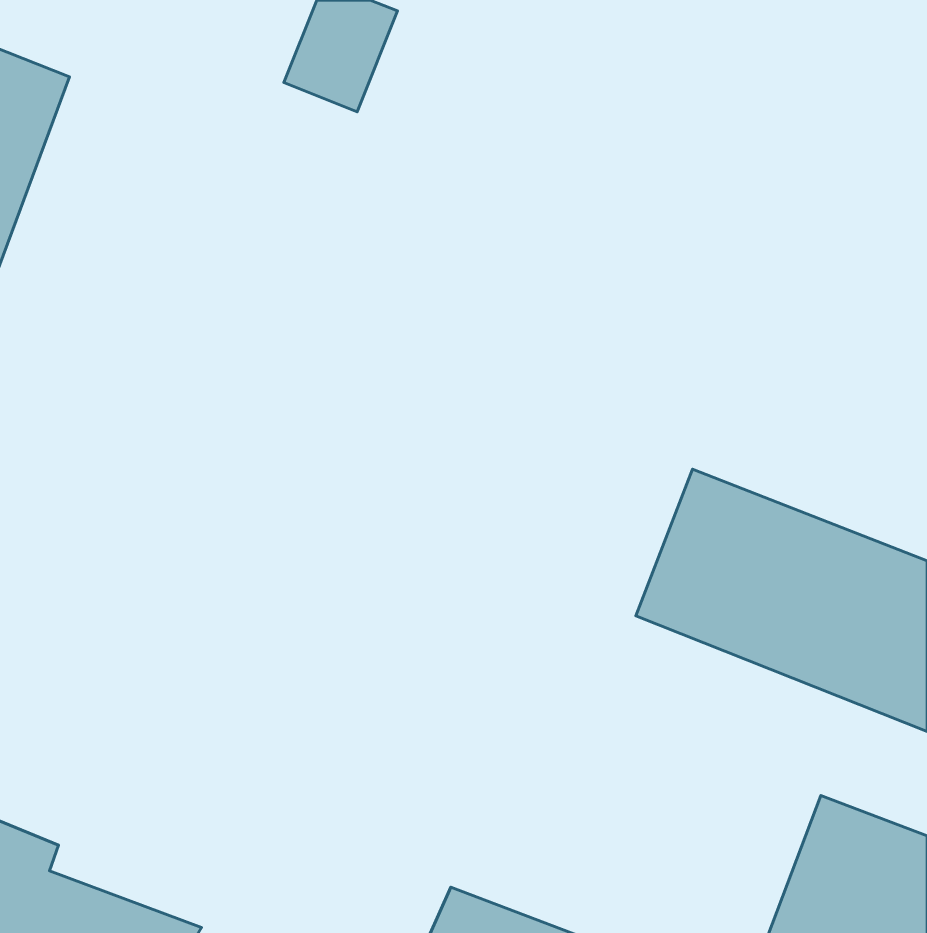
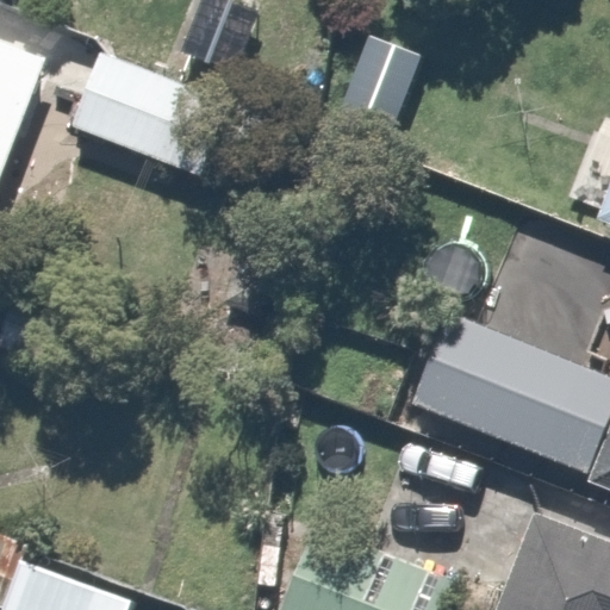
building: none -> [73,55,220,173]

